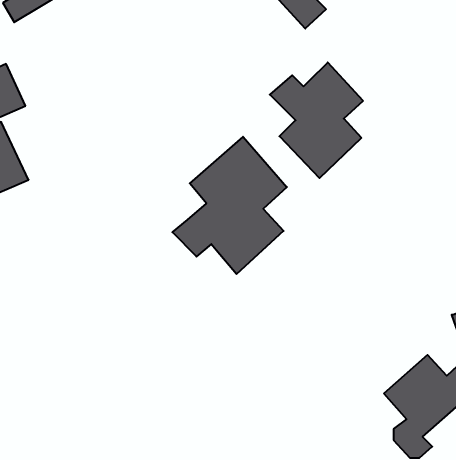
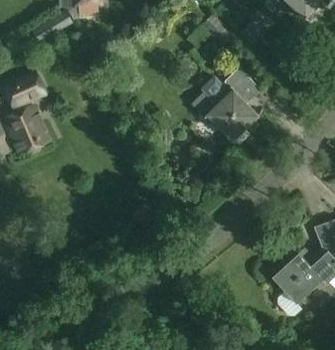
building: [172,137,287,274] -> none

